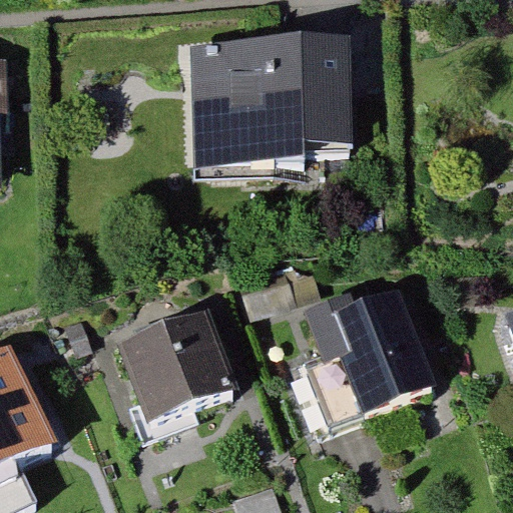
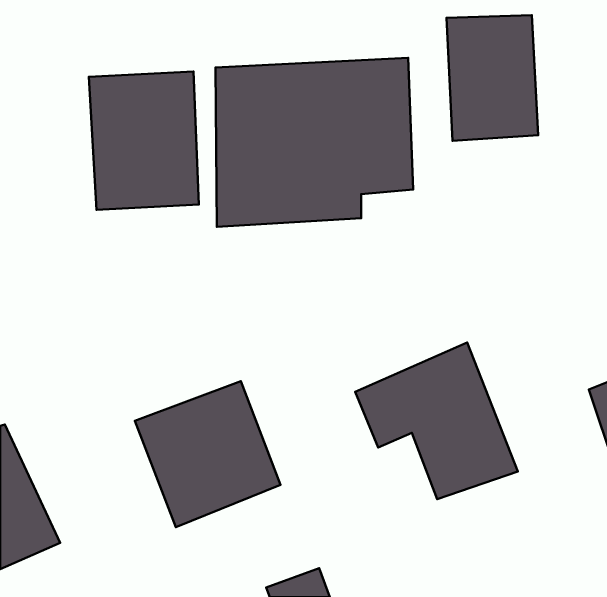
building: none -> [446,15,538,141]
building: none -> [89,72,199,210]

